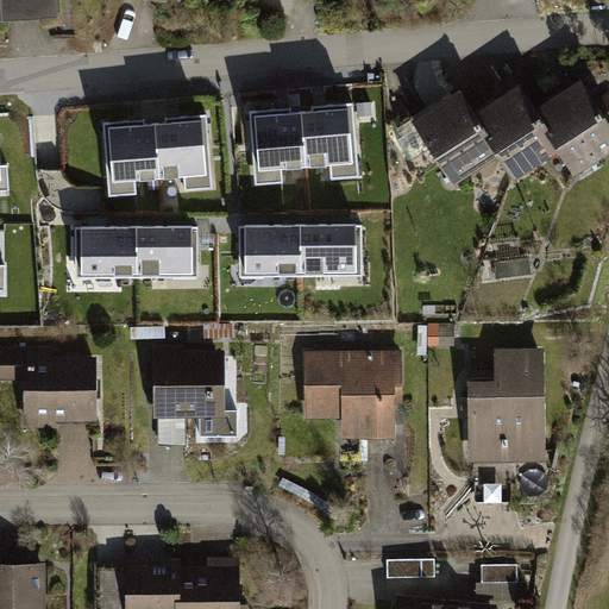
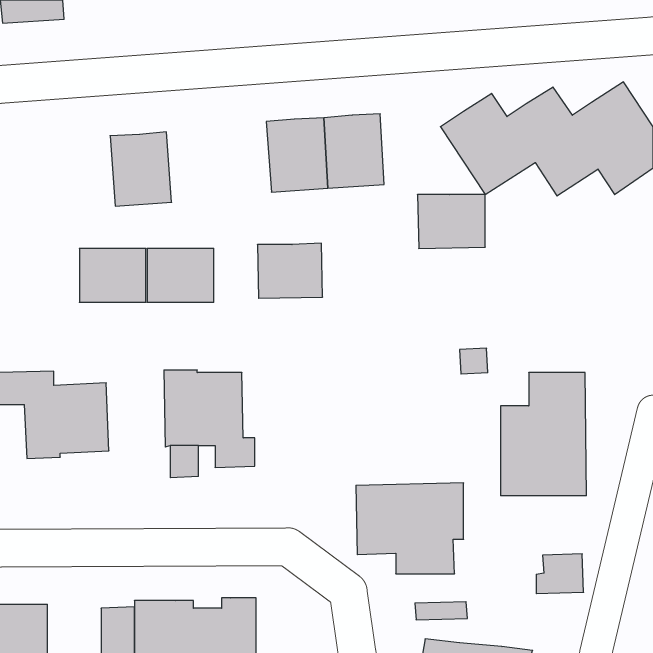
building: [155,120,212,189] -> none
building: [299,227,362,277] -> [417,195,485,248]
building: [304,351,404,435] -> [356,483,464,574]
building: [473,564,517,601] -> [536,554,584,594]

